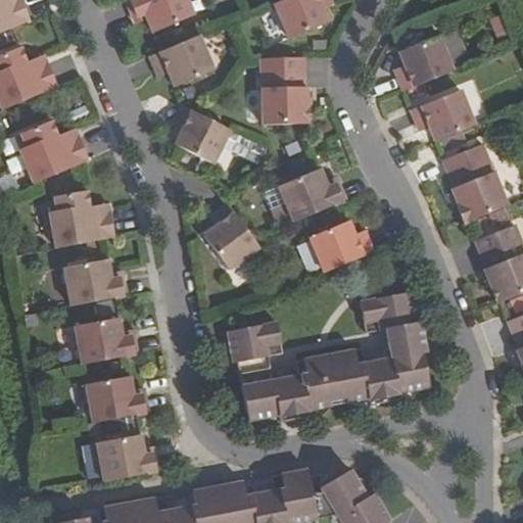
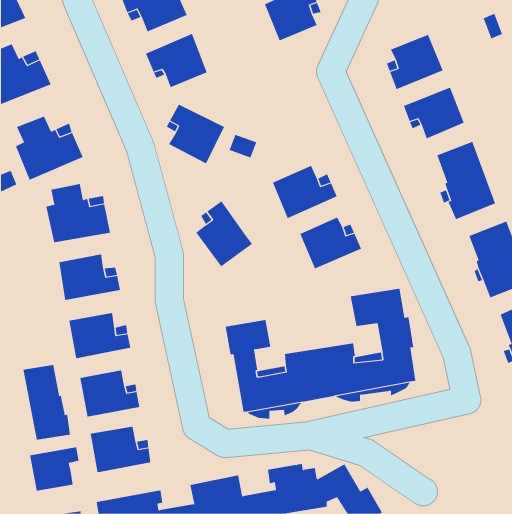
building: [259,56,306,126] -> none
building: none -> [23,364,71,441]
building: none -> [29,447,79,492]

